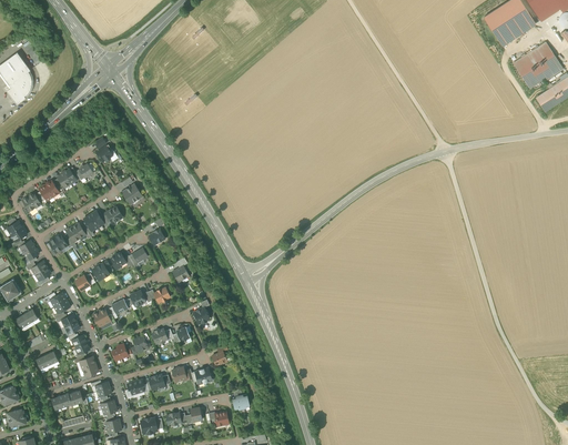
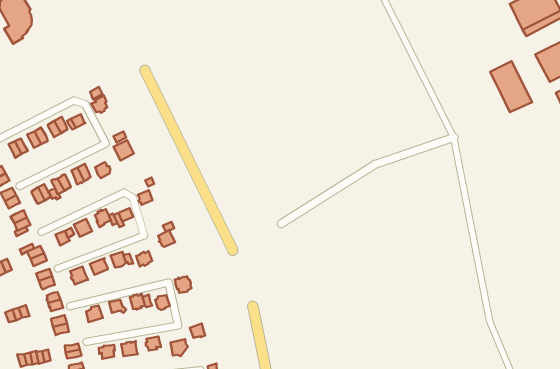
building: none -> [490,61,532,112]

